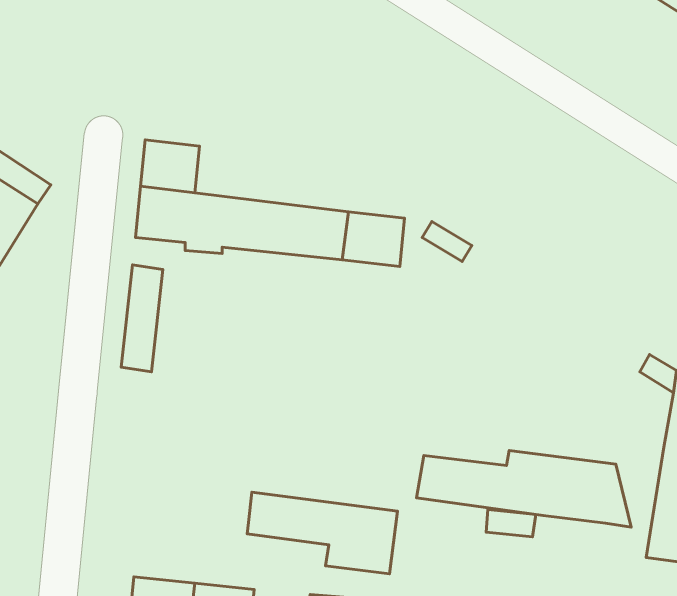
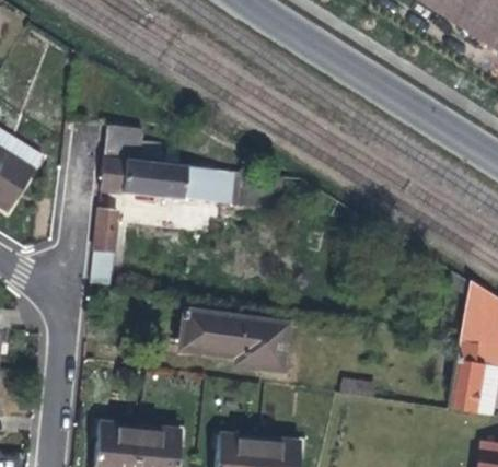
building: [417,451,631,527] -> none
building: [247,492,398,574] -> [184,312,287,367]

